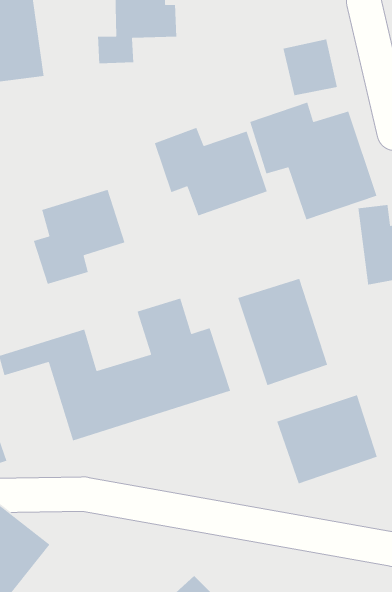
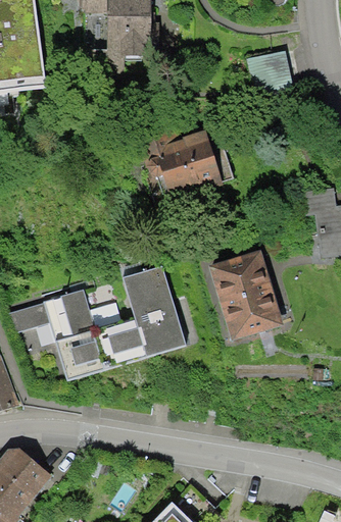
building: [249,101,377,221] -> none
building: [33,189,125,285] -> none
building: [276,394,378,484] -> none

